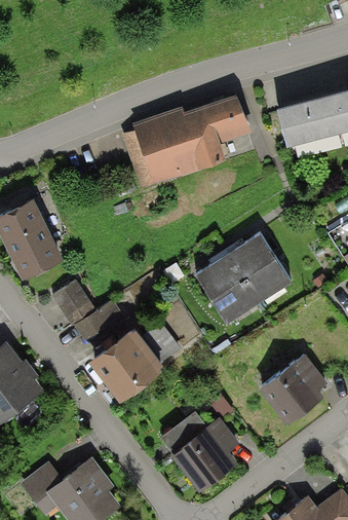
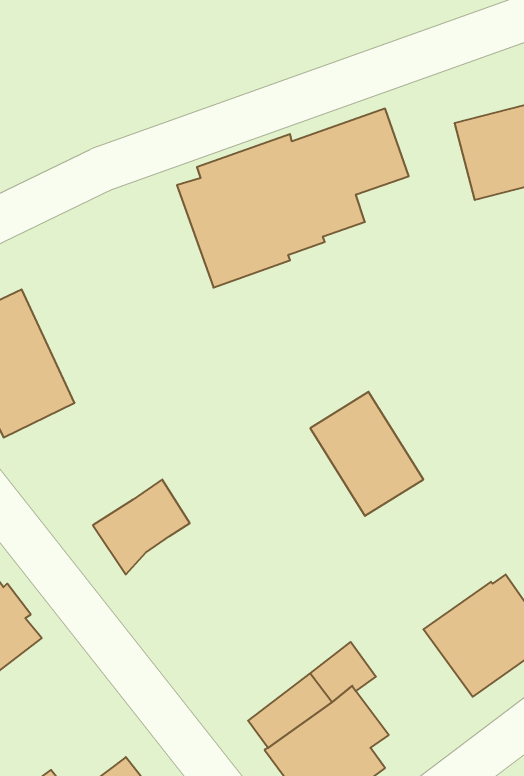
building: [229,232,293,302] -> none
building: [52,283,96,329] -> none
building: [89,325,163,400] -> none

